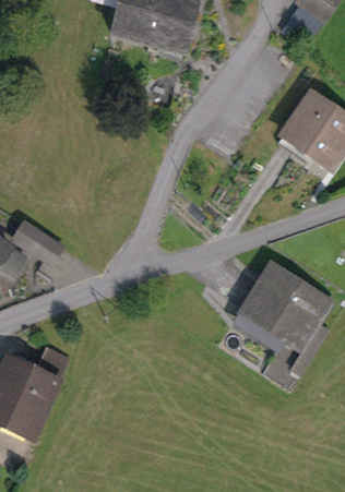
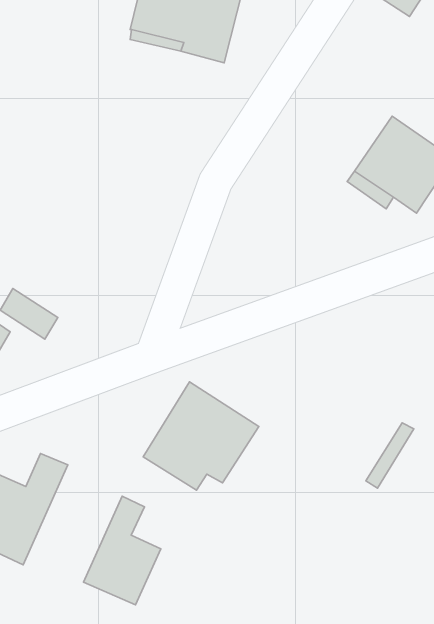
building: [239,266,326,348] -> [143,382,259,490]
building: none -> [83,496,161,605]

